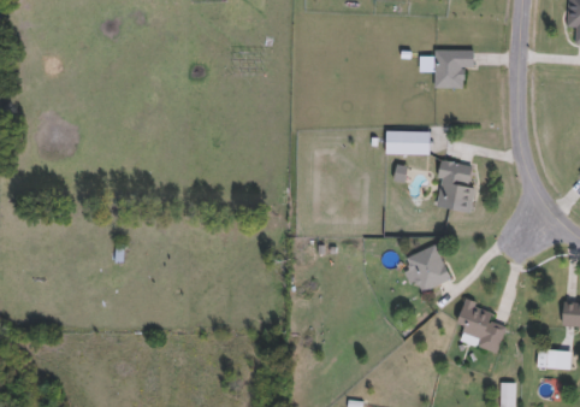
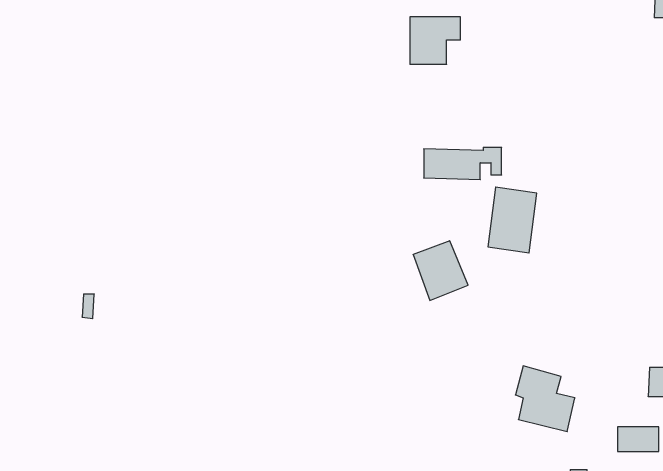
building: [434,49,474,87] -> [410,17,460,64]
building: [407,246,450,293] -> [413,241,468,300]

